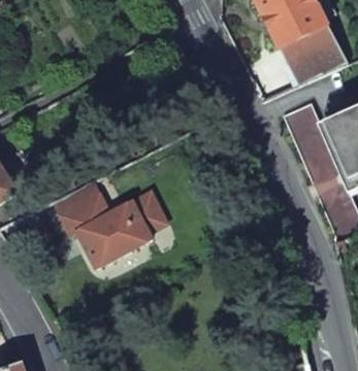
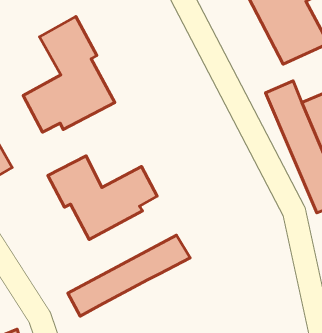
building: none -> [23,17,115,132]
building: none -> [68,235,190,316]

